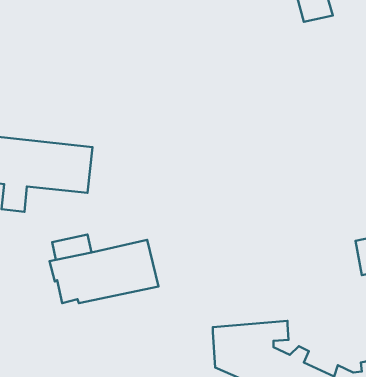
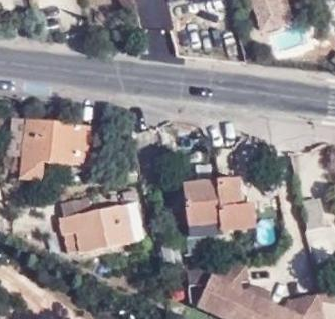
building: none -> [184,178,253,237]

